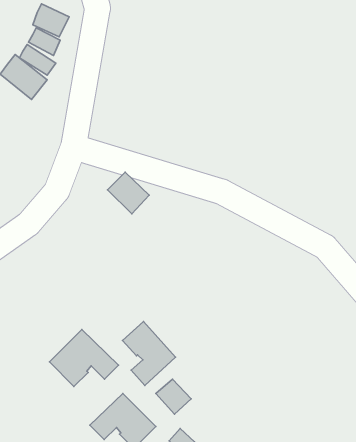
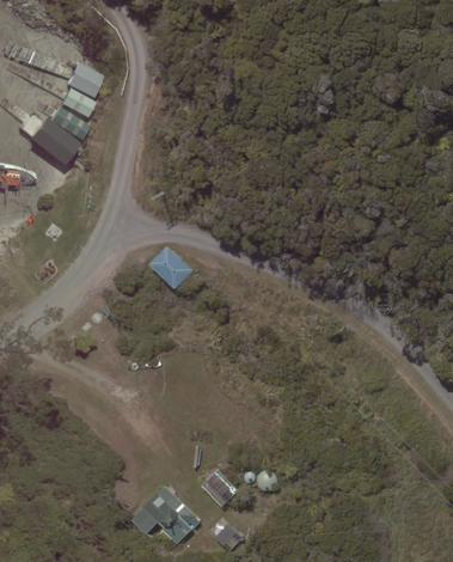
building: [123,321,176,386] -> none
building: [49,330,119,387] -> none

